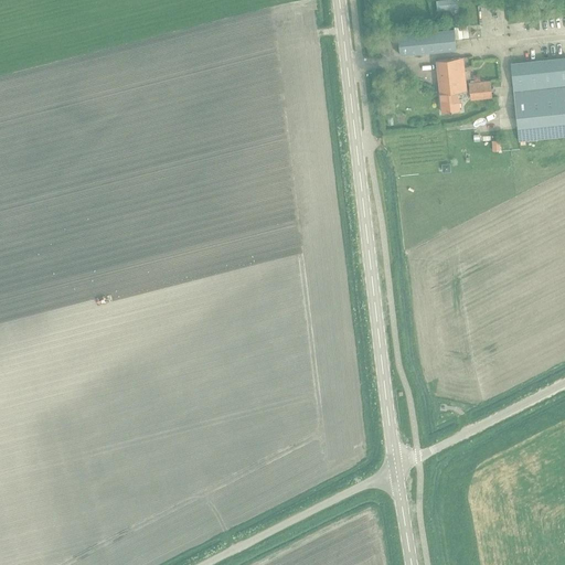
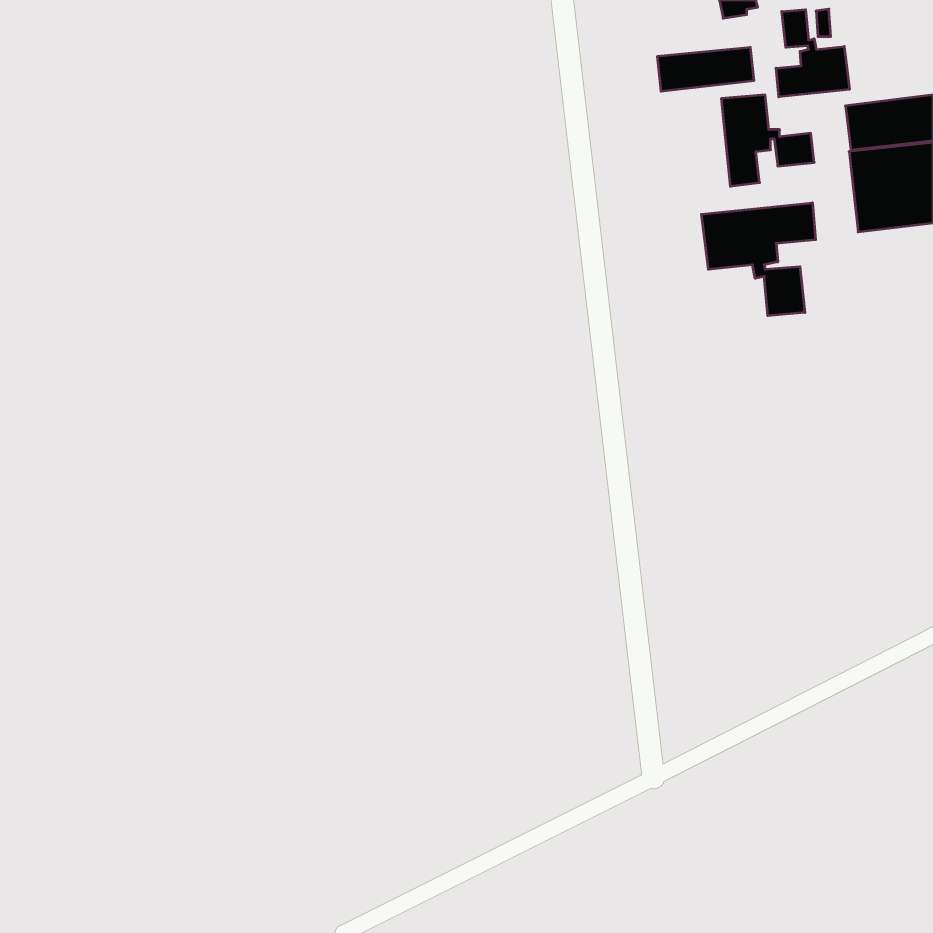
building: none -> [776,10,849,97]
building: none -> [701,203,816,316]

